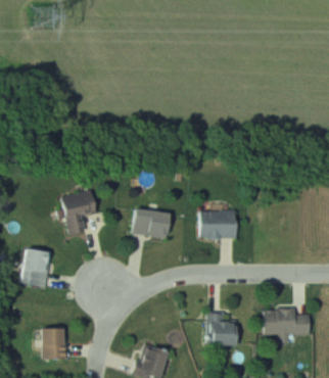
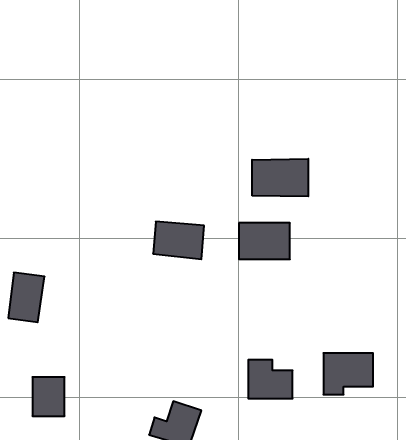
building: none -> [252,159,308,196]
building: [61,190,99,235] -> none

